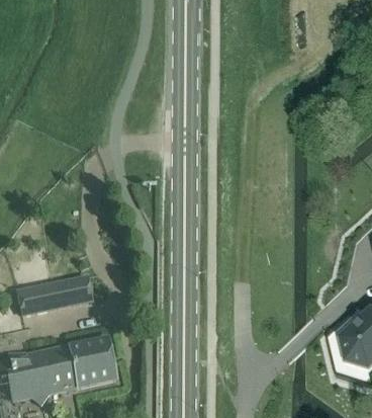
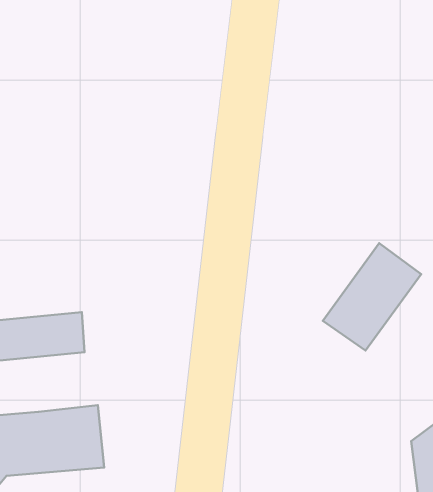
building: none -> [323,243,421,351]

